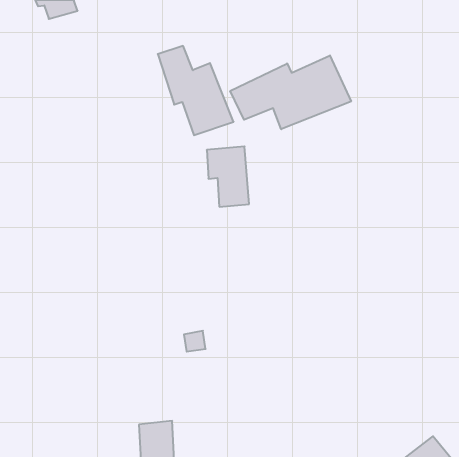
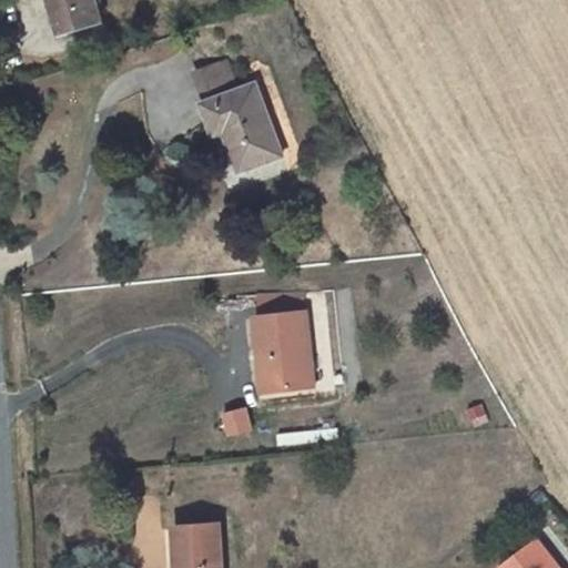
building: [230,55,351,129] -> none
building: [207,146,249,207] -> [248,312,301,386]

